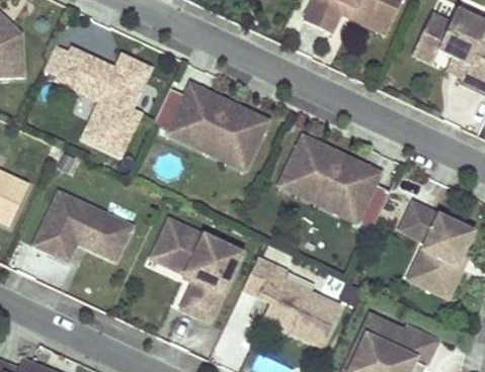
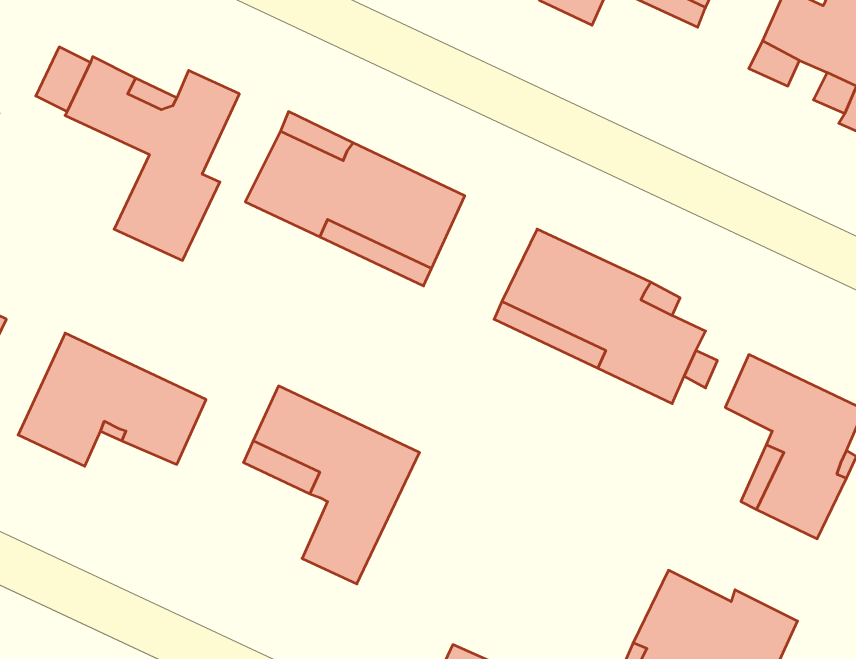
building: [243,255,341,344] -> none

